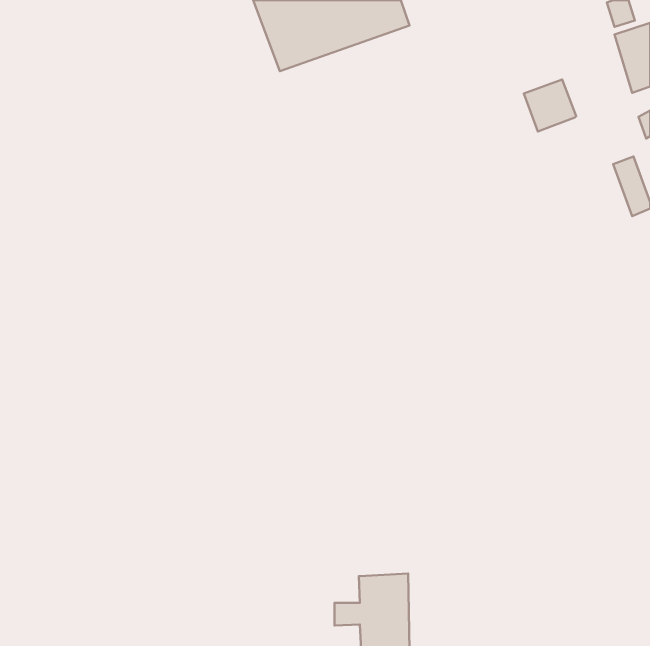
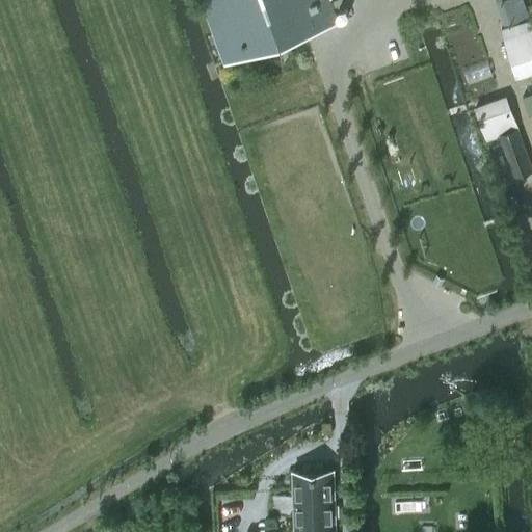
building: [524,79,576,132] -> [476,100,518,142]

